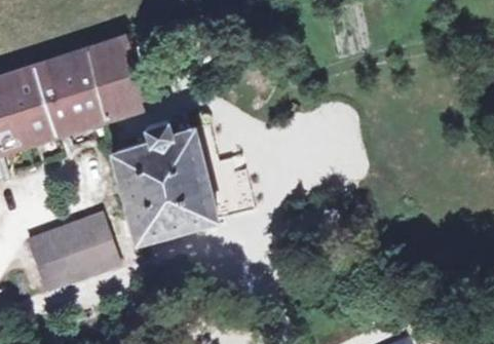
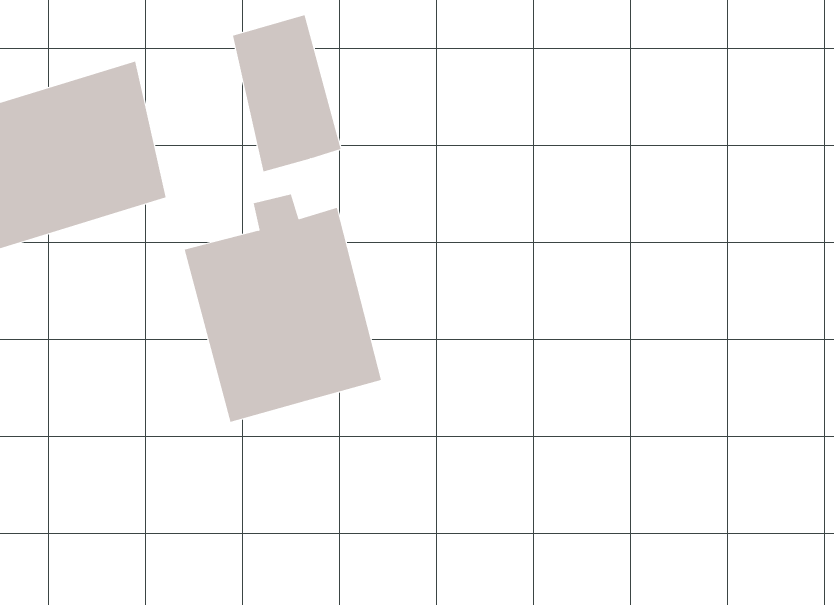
building: [86,38,145,122] -> [232,15,342,172]
building: [29,214,120,290] -> none

